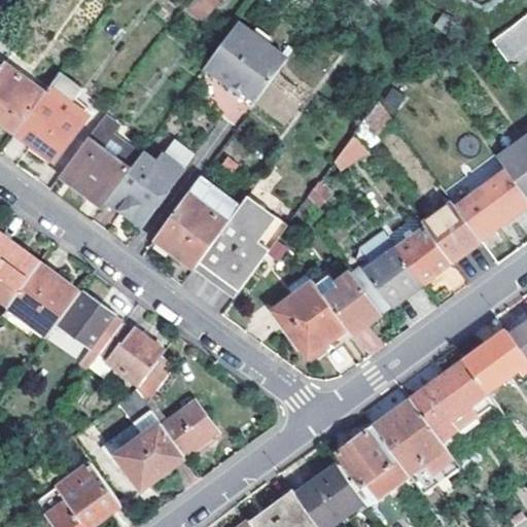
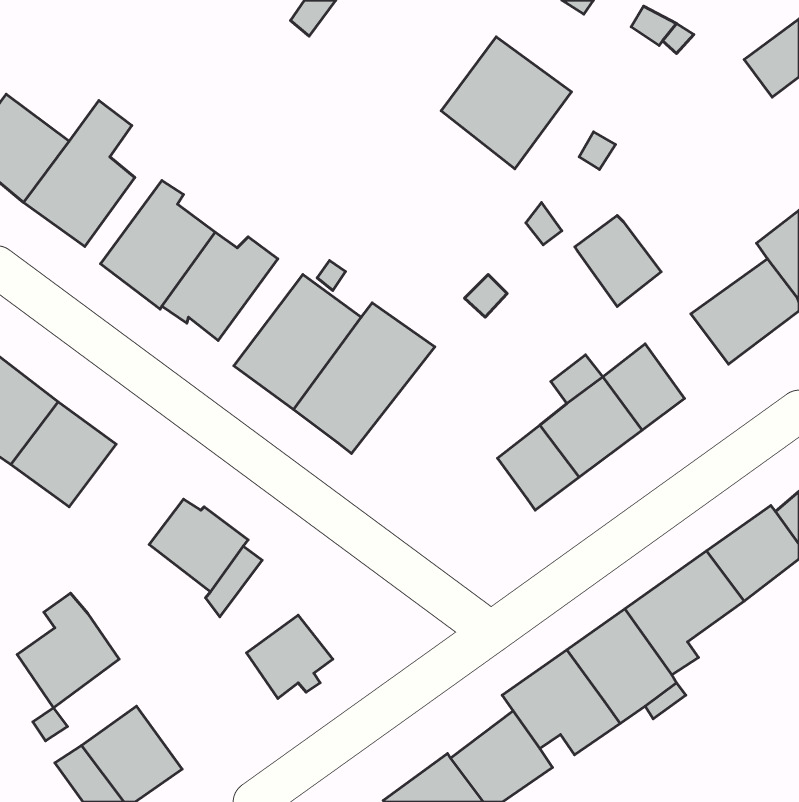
building: [203,21,288,107] -> [441,37,571,169]
building: [421,202,478,261] -> [575,215,661,307]
building: [274,286,346,357] -> none
building: [51,291,120,360] -> none
building: [115,415,182,490] -> [17,593,119,708]

